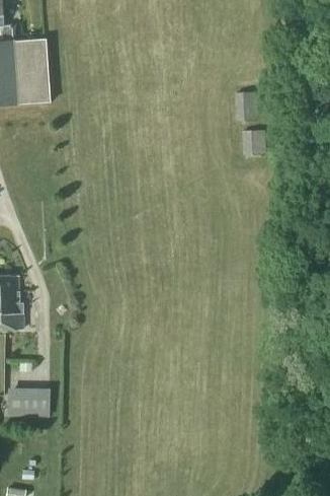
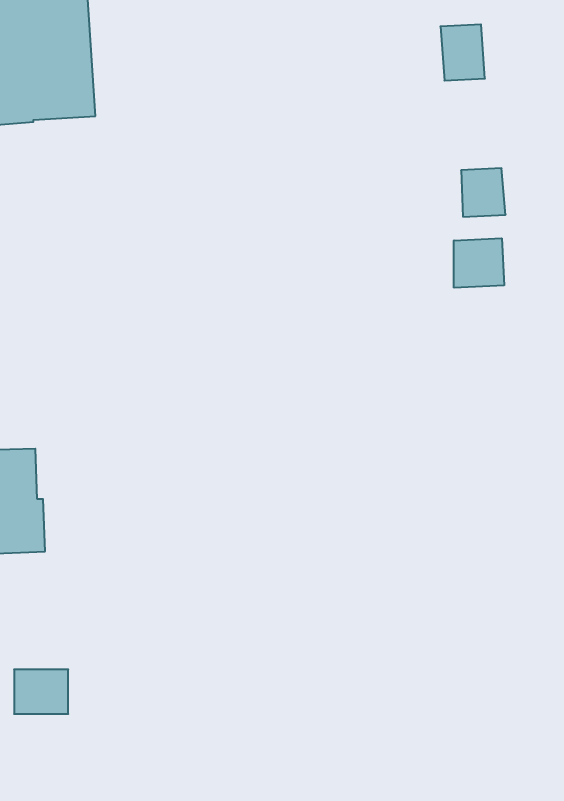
building: [235,91,258,121] -> [440,24,485,81]
building: none -> [454,238,504,288]

